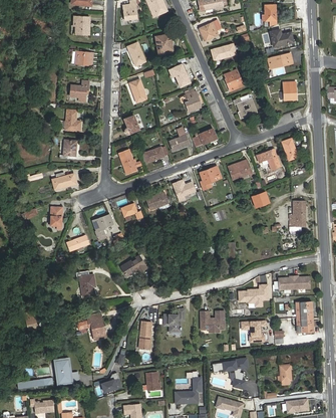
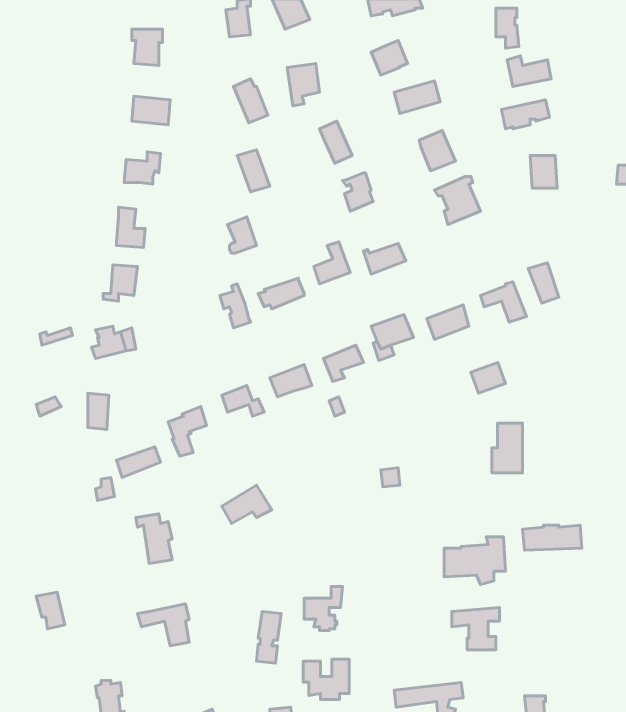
building: [290,201,306,227] -> [492,423,523,473]
building: [296,301,314,333] -> none
building: [201,310,225,332] -> [303,659,349,699]

